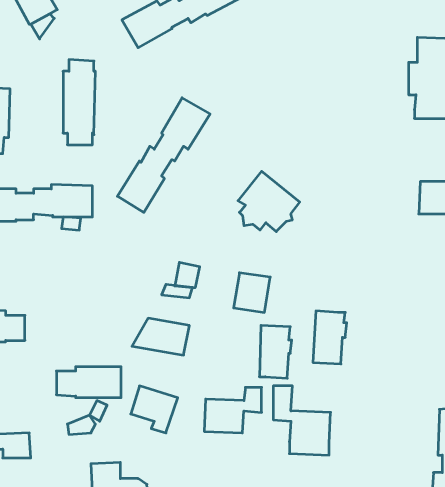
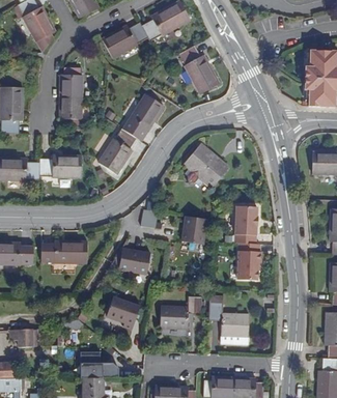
building: none -> [178,45,220,94]
building: [259,325,292,378] -> [234,207,257,245]
building: [56,367,121,398] -> [40,241,86,263]

